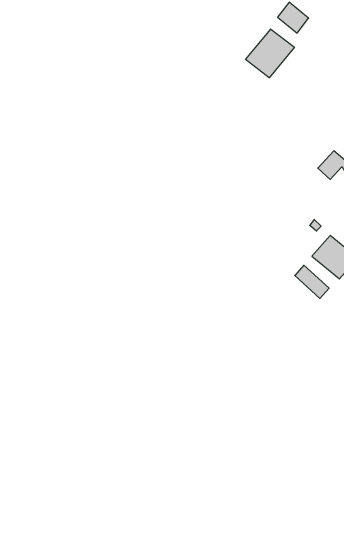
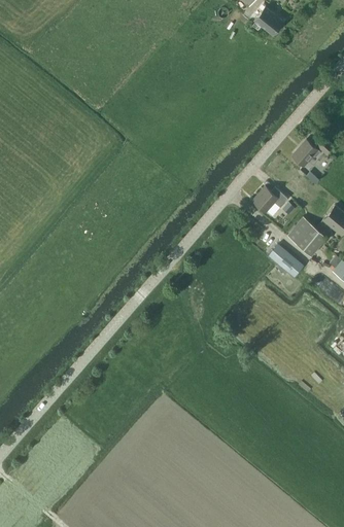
building: [246,29,294,78] -> none
building: none -> [252,187,287,213]

